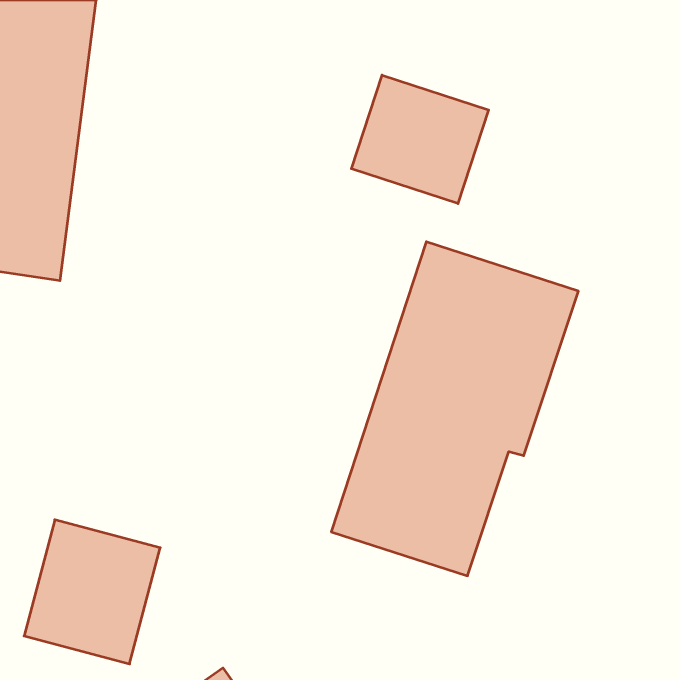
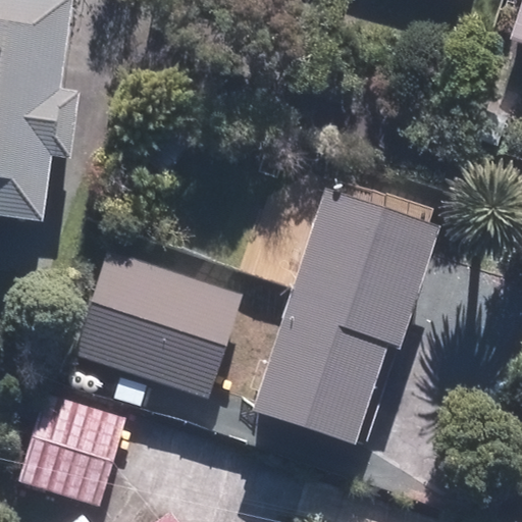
building: [351,75,489,204] -> none
building: none -> [72,251,242,396]

